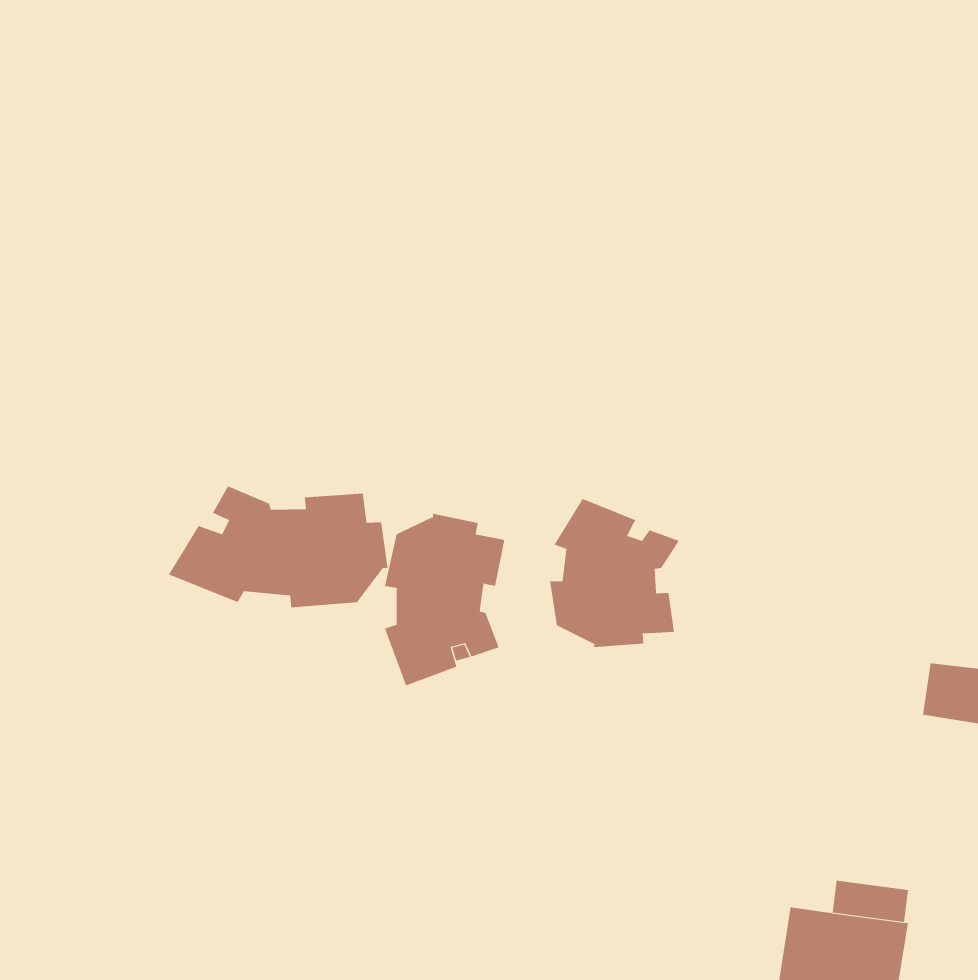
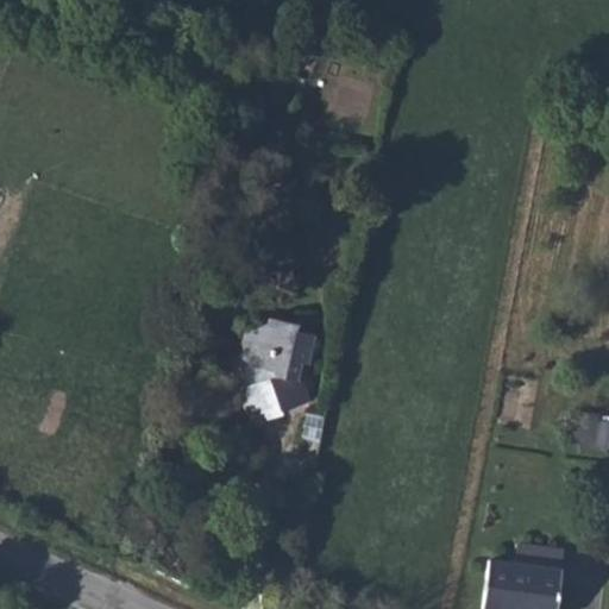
building: [168,485,388,608] -> none
building: [550,498,679,648] -> none

